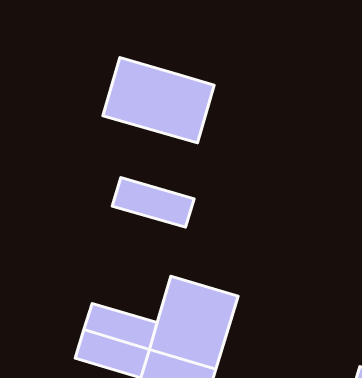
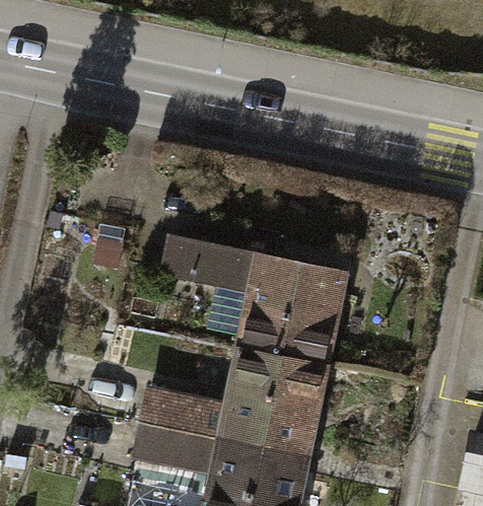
building: [103,57,214,143] -> none
building: none -> [242,256,341,365]

